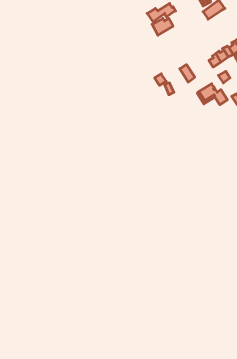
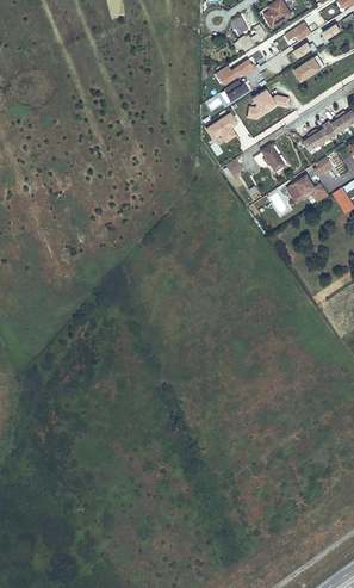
building: none -> [246,89,287,120]
building: none -> [204,113,237,143]

